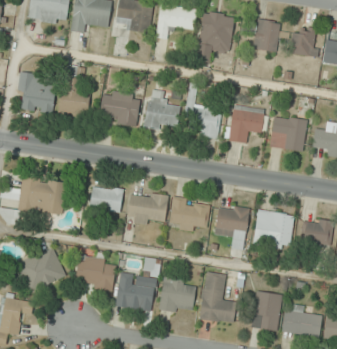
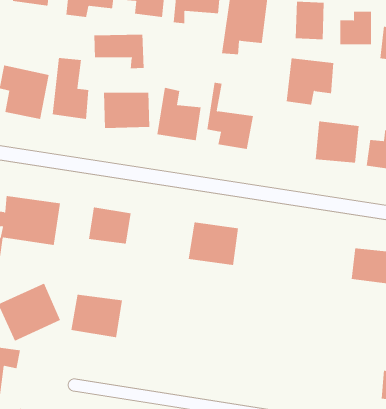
building: none -> [94,34,144,69]
building: [225,105,264,143] -> [286,58,334,105]
building: [126,191,167,226] -> none
building: [214,204,249,250] -> none
building: [252,210,294,250] -> none
building: [114,257,160,312] -> none
building: [198,271,236,323] -> none
building: [159,275,194,313] -> none
building: [250,291,281,330] -> none
building: [281,304,321,337] -> none

